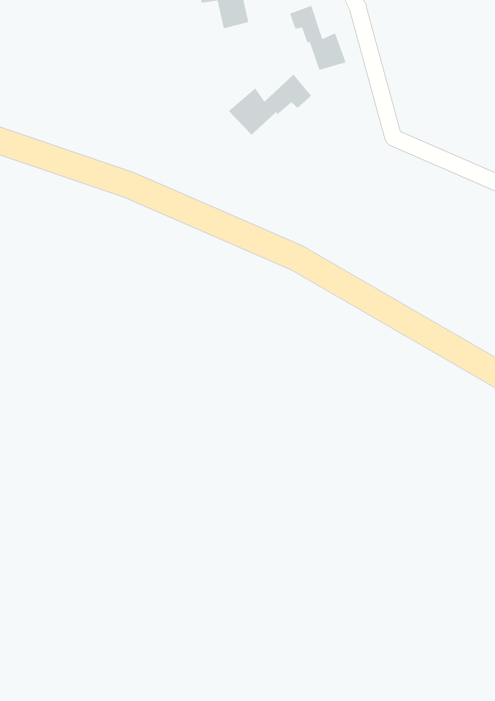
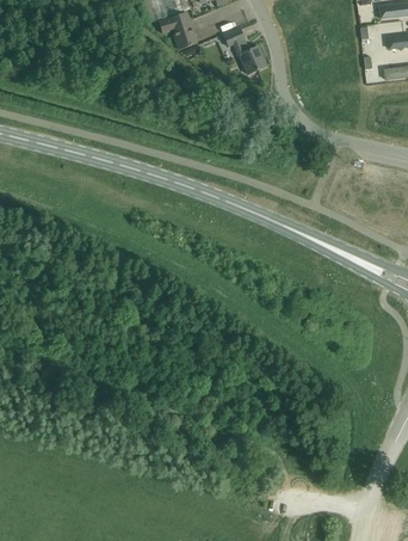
building: [228,74,312,135] -> none

